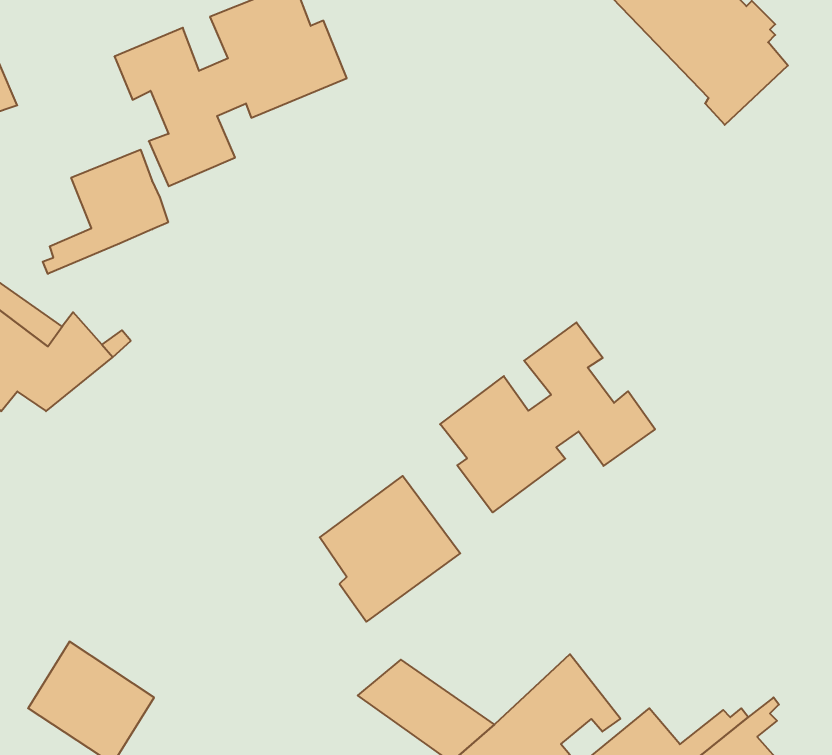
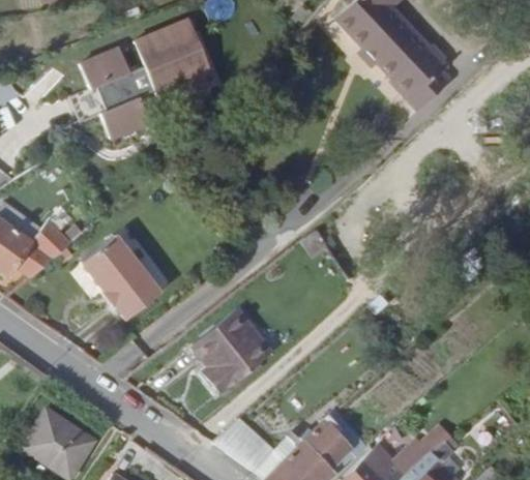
building: [43,150,168,274] -> none
building: [440,322,655,512] -> none
building: none -> [83,236,159,319]

